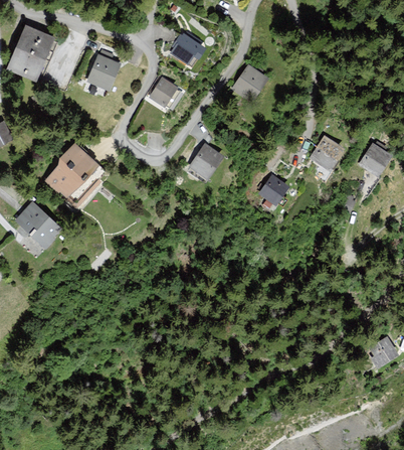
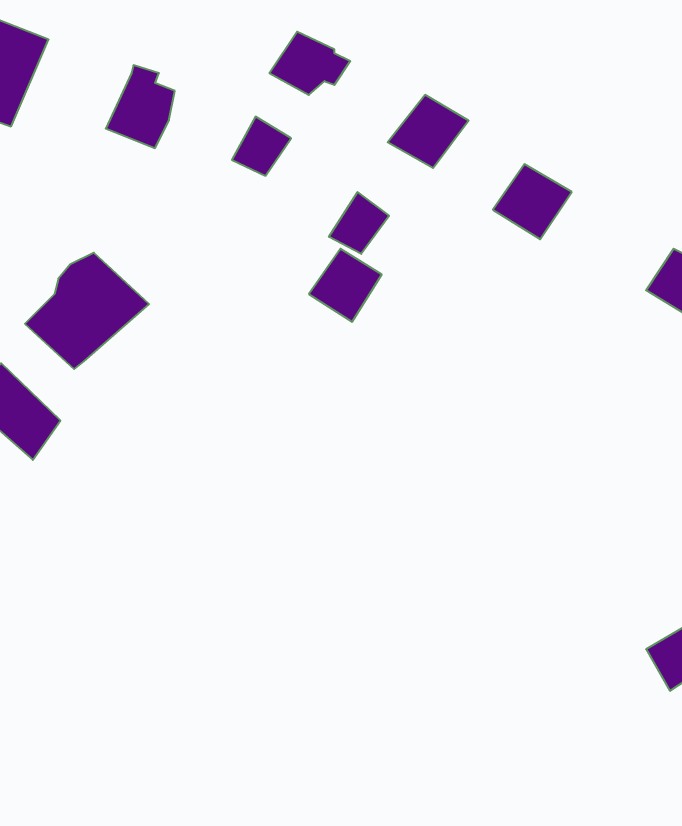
building: none -> [329,192,389,254]
building: [310,135,350,173] -> [493,164,572,239]
building: [257,175,291,205] -> none

